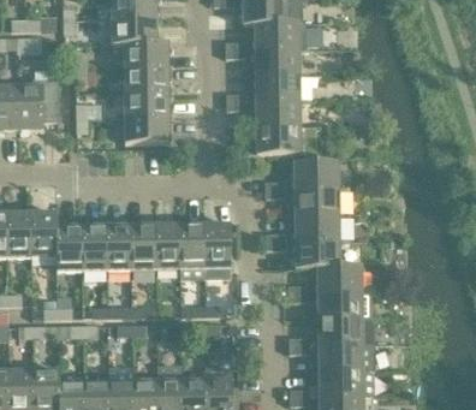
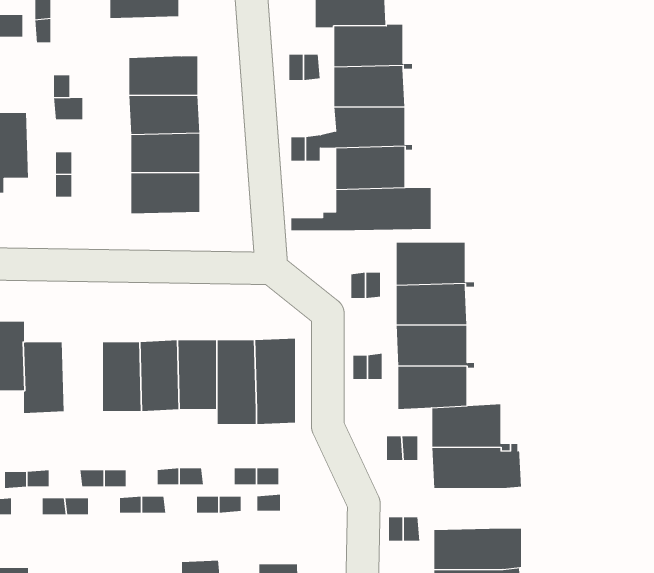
building: [111,16,156,42] -> none
building: [81,224,106,268] -> none
building: [317,316,374,344] -> none

